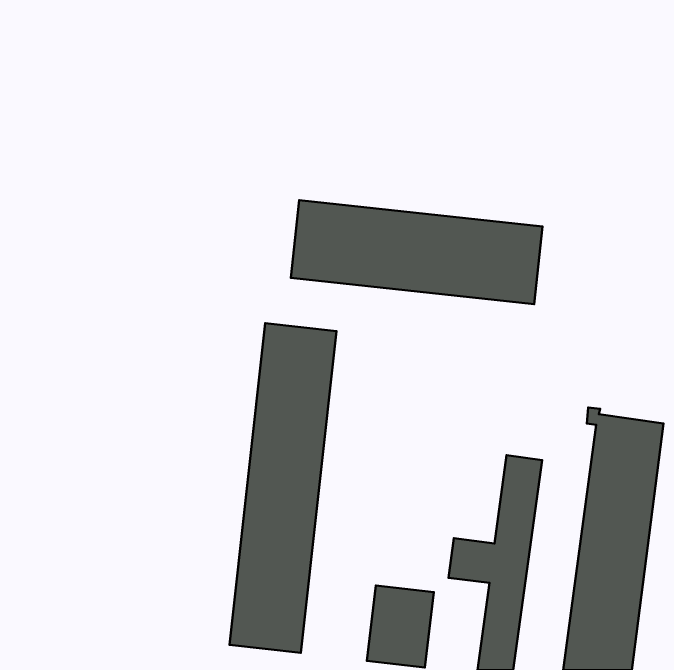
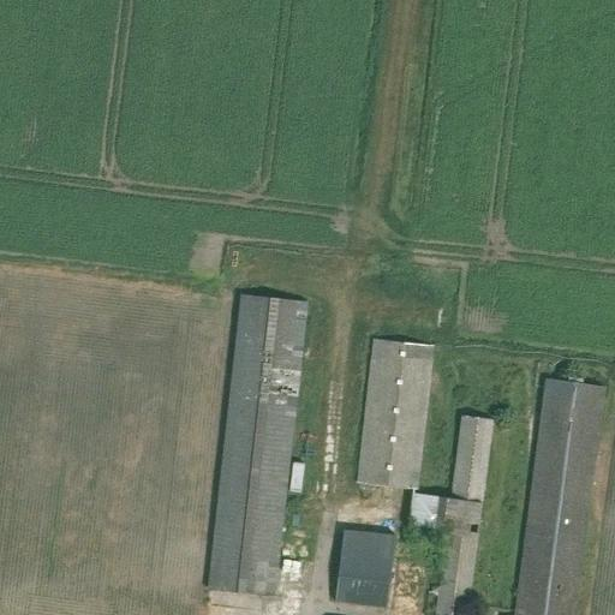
building: [291,200,542,304] -> none
building: none -> [357,338,434,488]

